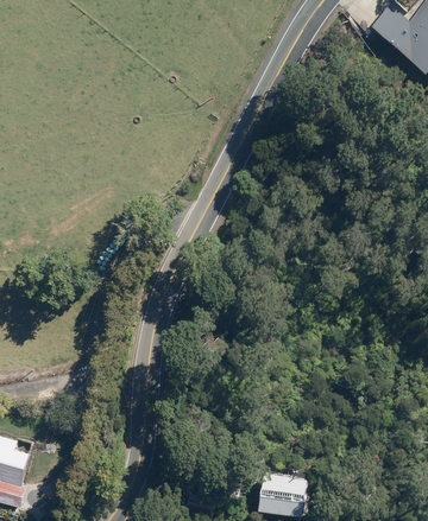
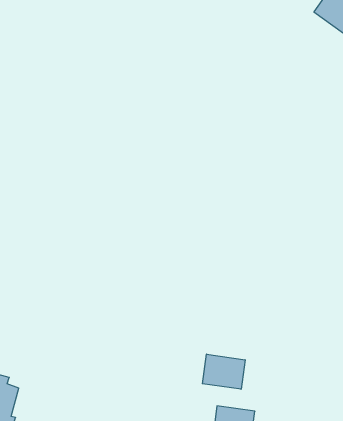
building: none -> [202,354,245,389]

